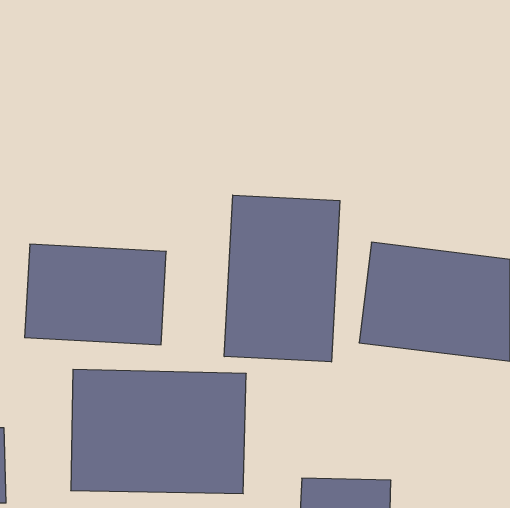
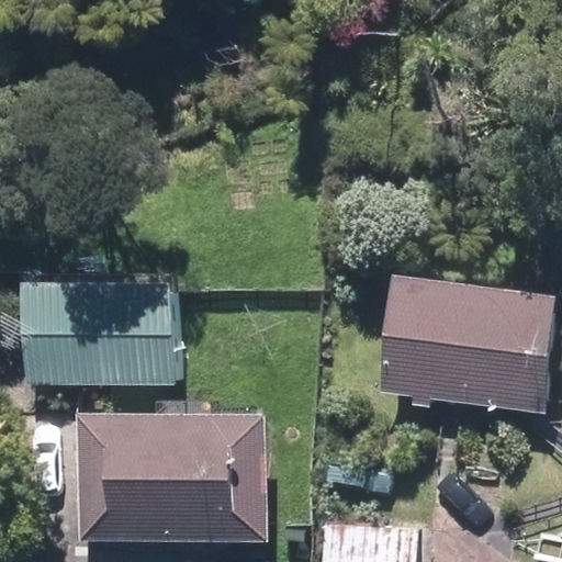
building: [224,195,340,362] -> none

